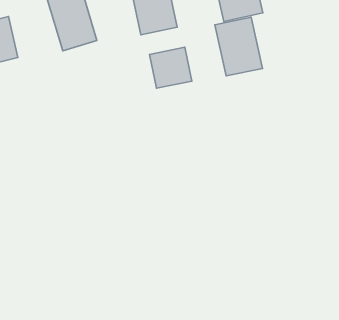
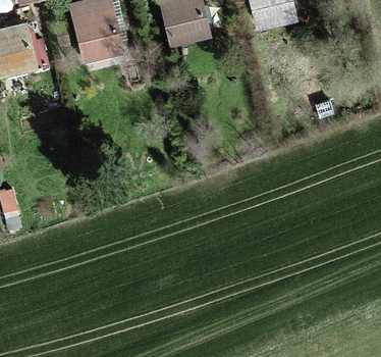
building: [215,17,262,76] -> none
building: [150,47,192,88] -> none

